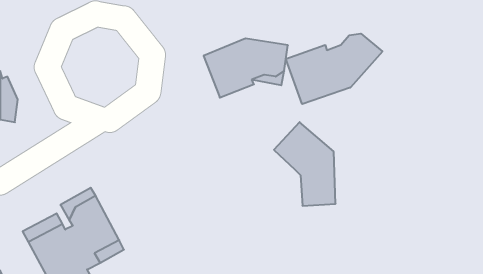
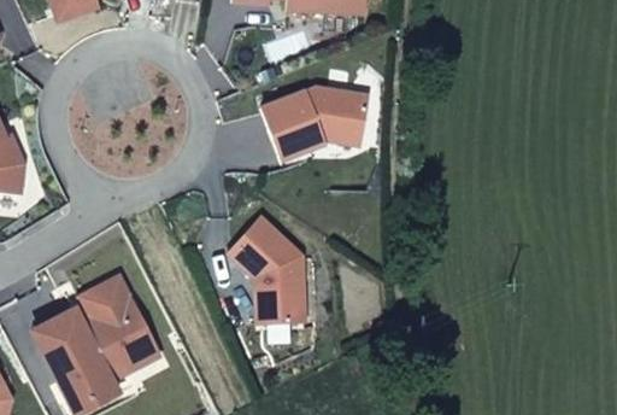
building: [286,34,382,104] -> none
building: [274,122,336,206] -> [227,216,305,322]

